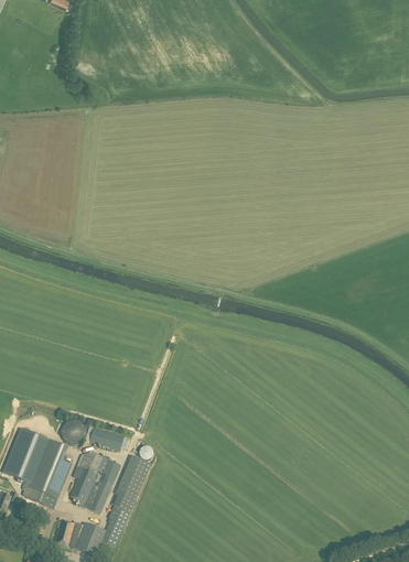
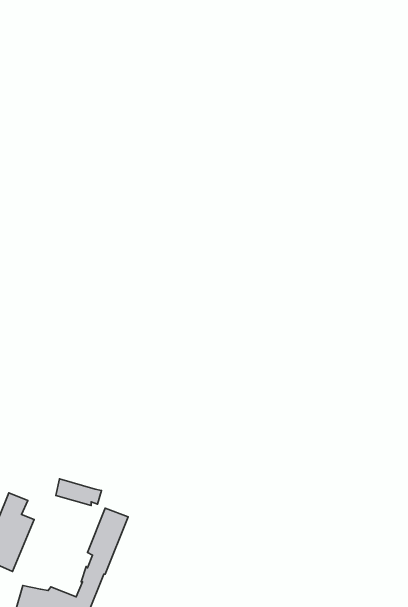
building: [58,418,85,443] -> none
building: [67,451,118,512] -> none

